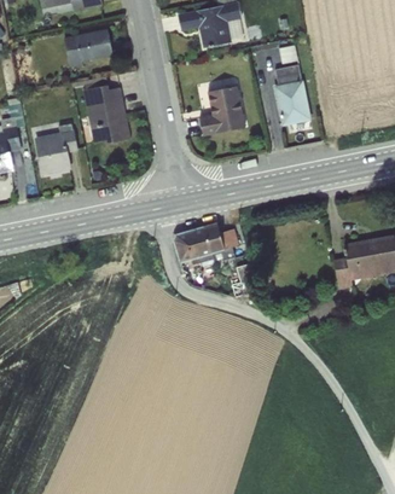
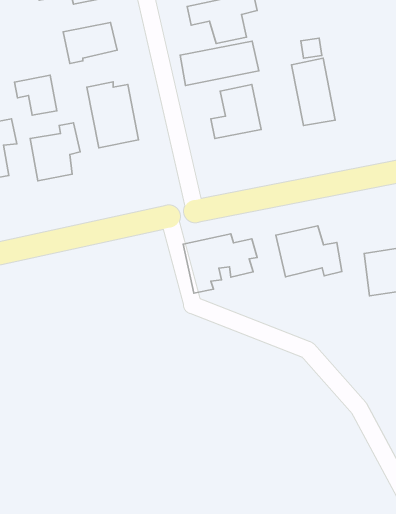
building: none -> [180,41,259,86]
building: none -> [14,75,57,115]
building: none -> [276,226,342,277]

